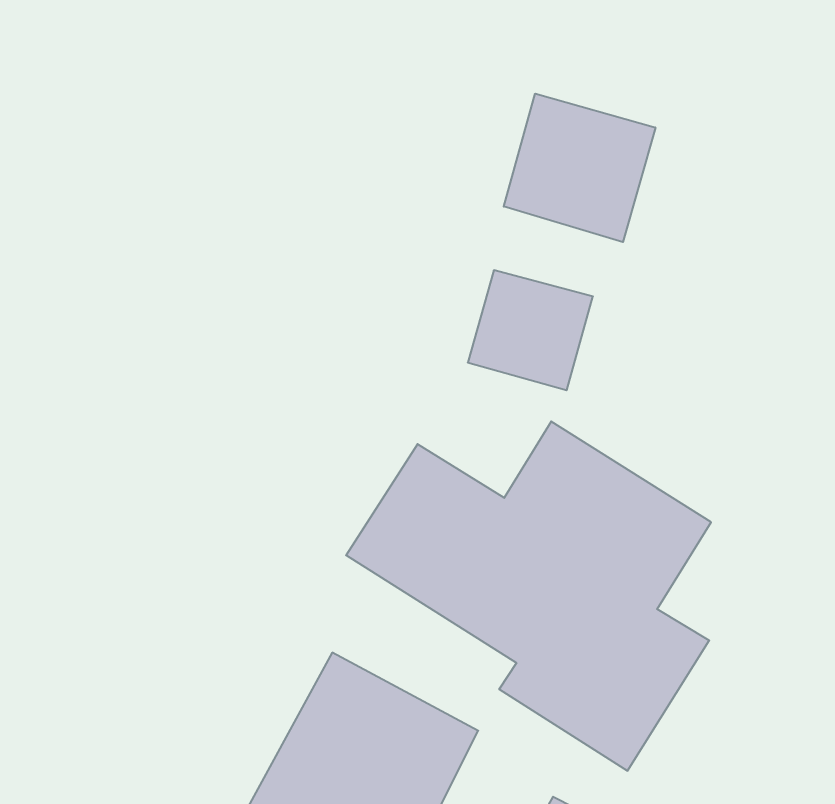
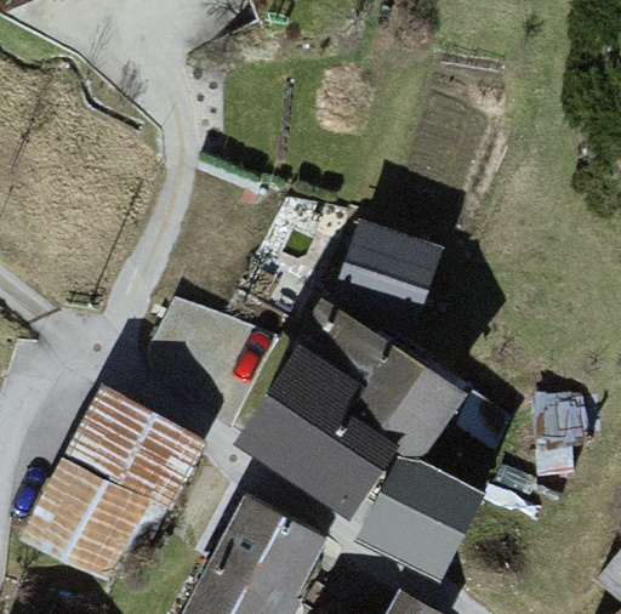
building: [504,94,655,242] -> none
building: none -> [15,388,209,589]

